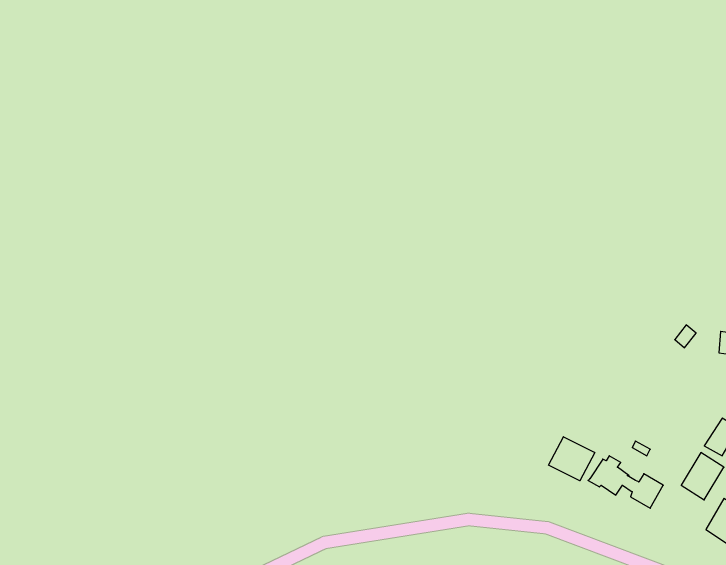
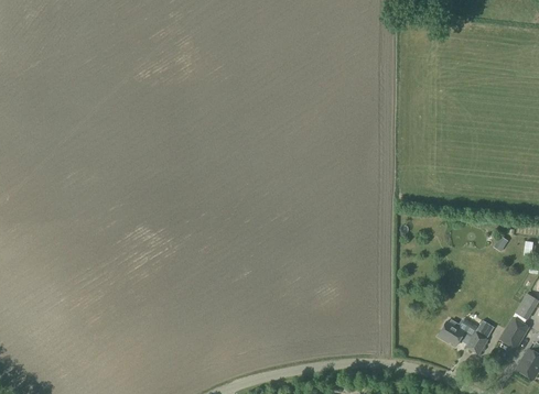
building: [549,437,595,481] -> none

